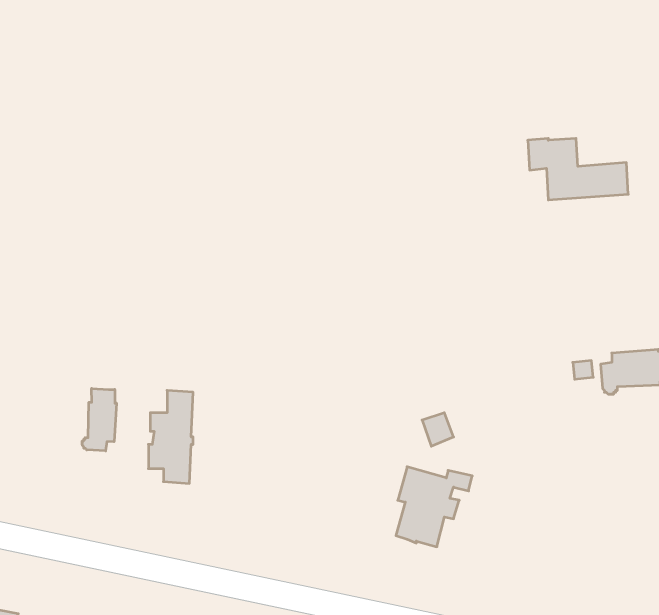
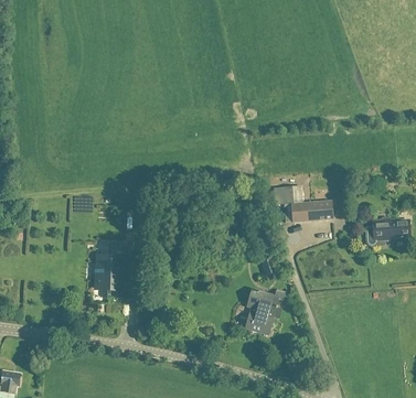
building: [528,138,628,200] -> [273,186,332,223]
building: [82,388,116,451] -> none

